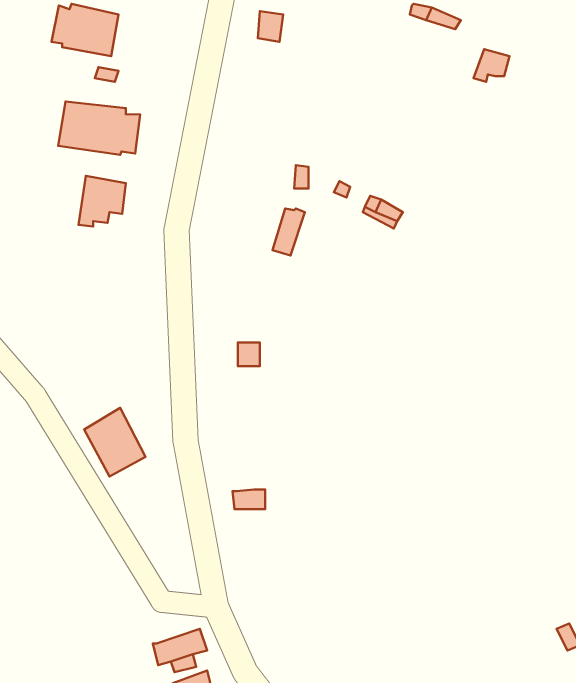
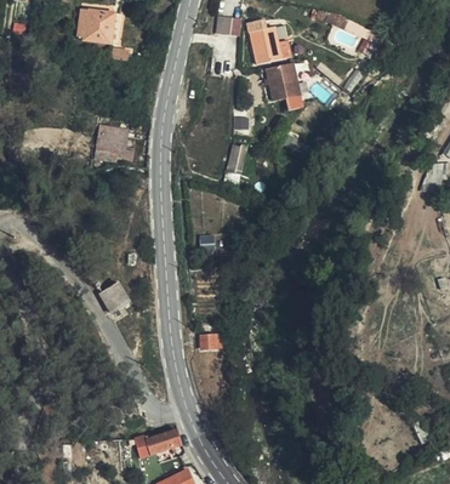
building: none -> [245,19,289,64]
building: none -> [263,63,300,103]
building: [58,101,140,155] -> none

